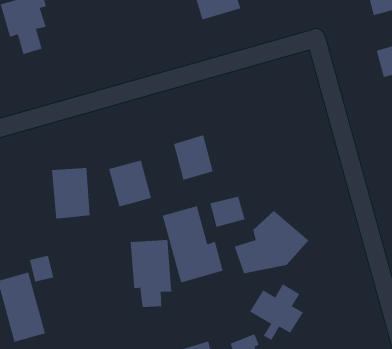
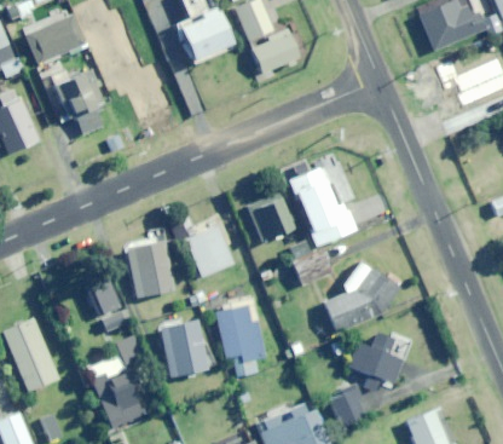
building: [162,206,224,283] -> [285,167,355,248]
building: none -> [94,287,127,330]
building: none -> [161,321,208,377]

